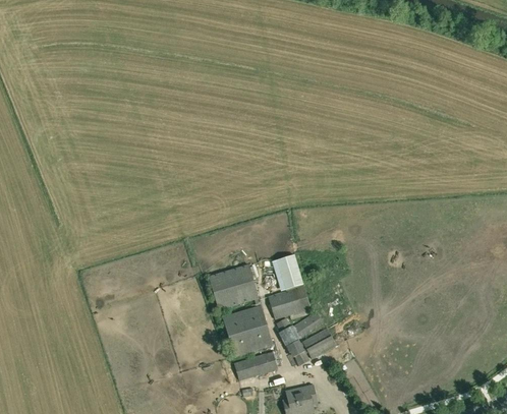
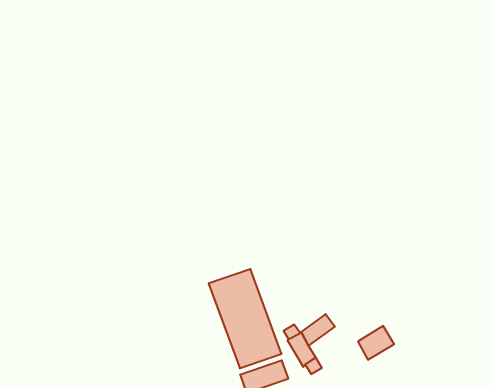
building: [278,249,304,285] -> none
building: [268,286,312,318] -> none
building: [302,328,336,358] -> [358,326,394,360]

